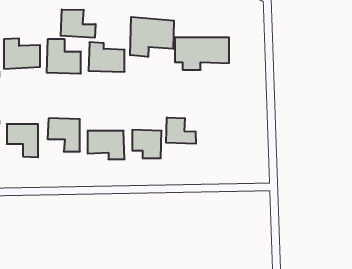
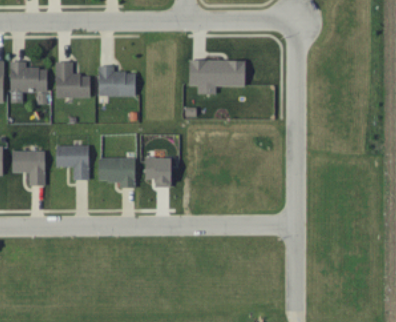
building: [61,9,96,38] -> none
building: [130,17,174,57] -> none
building: [166,117,196,144] -> none

